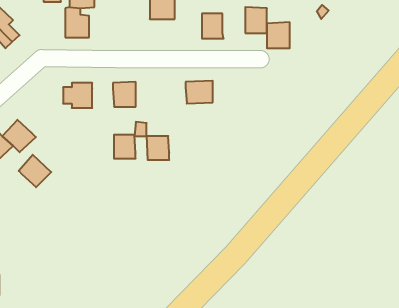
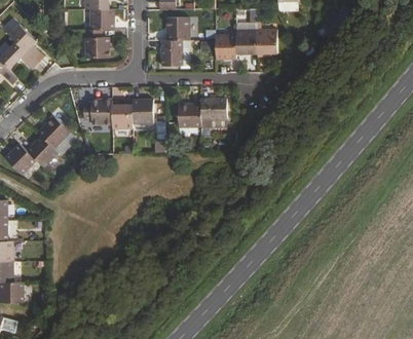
building: none -> [161,39,189,66]
building: [267,22,290,48] -> [234,28,256,52]
building: [114,135,136,159] -> [111,105,132,127]
building: [147,136,169,160] -> [179,104,200,126]
building: [19,155,51,187] -> [37,116,68,147]

